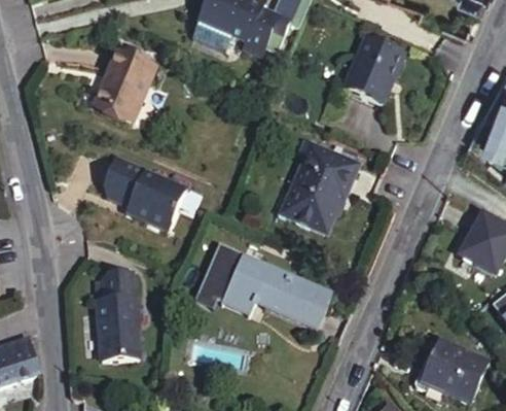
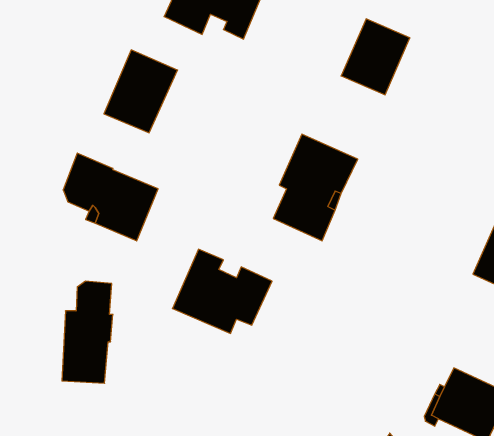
building: [94,43,157,115] -> [104,50,178,133]
building: [267,266,331,324] -> none

